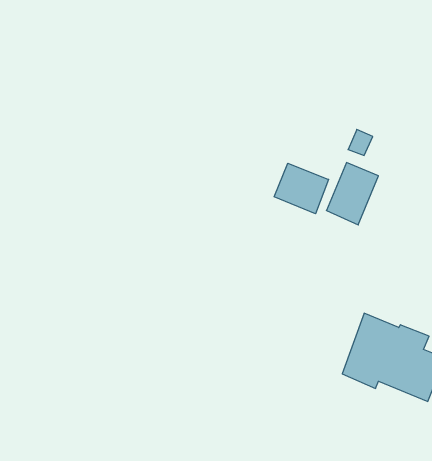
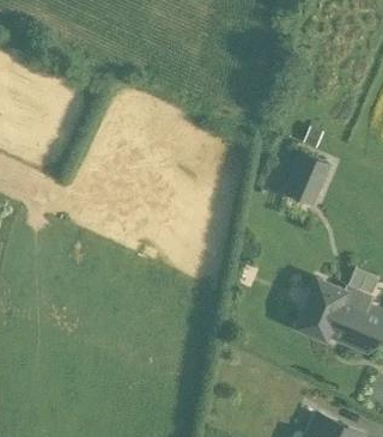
building: [274,163,329,214] -> none

